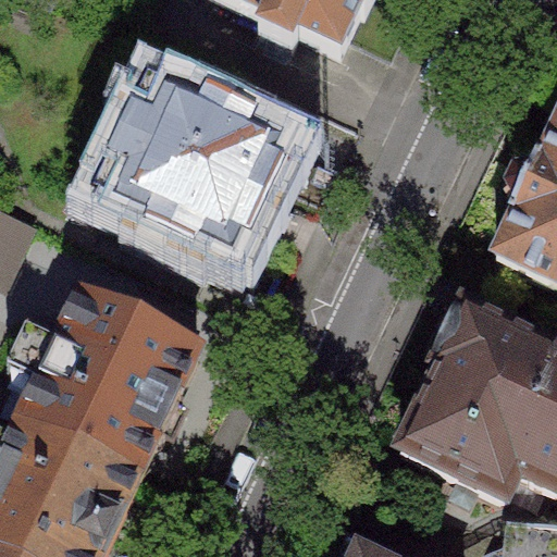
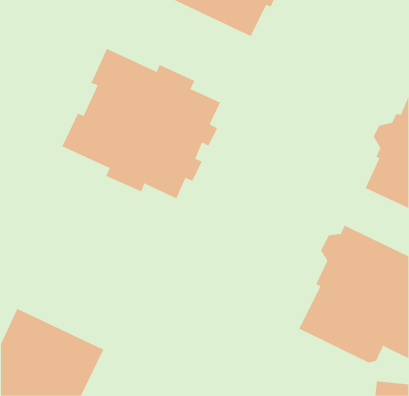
building: [23,295,200,475] -> none

